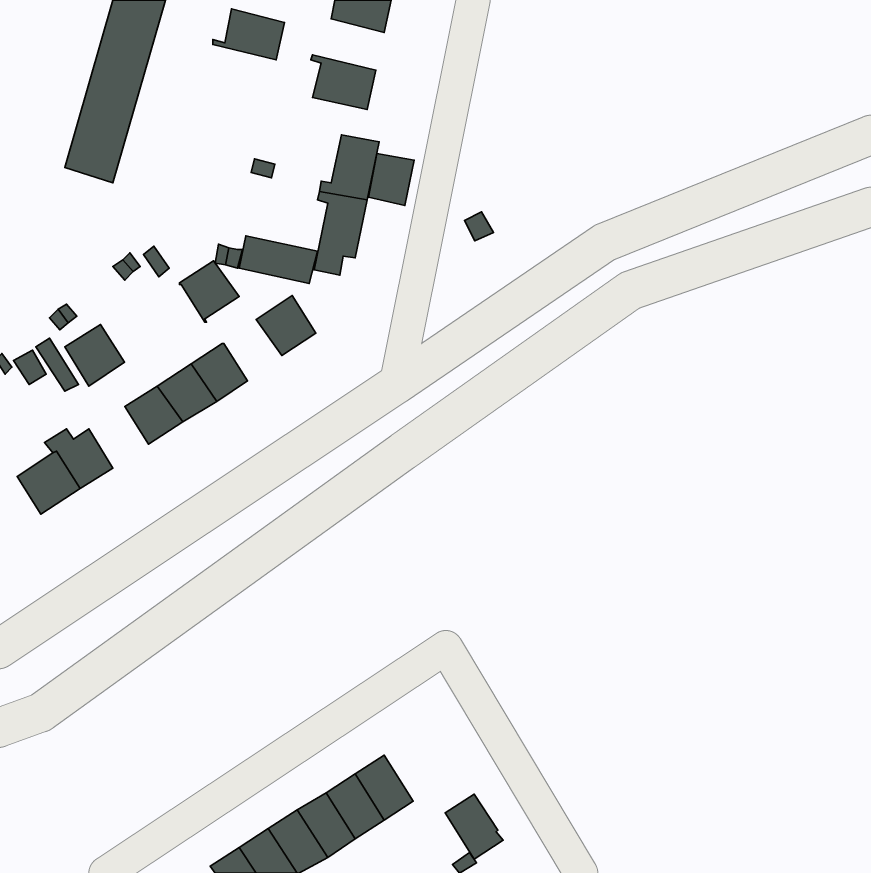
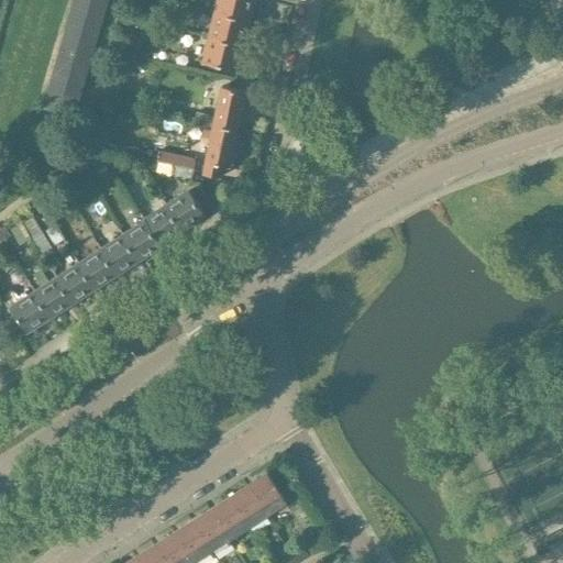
building: [213,9,285,60] -> [201,12,247,45]
building: [368,154,414,205] -> none
building: [179,261,239,322] -> [143,206,181,245]
building: [65,325,125,386] -> [57,262,96,301]
building: [445,794,503,859] -> [247,474,285,516]

